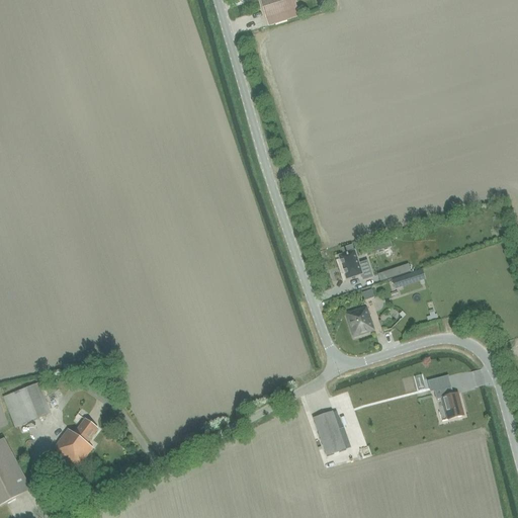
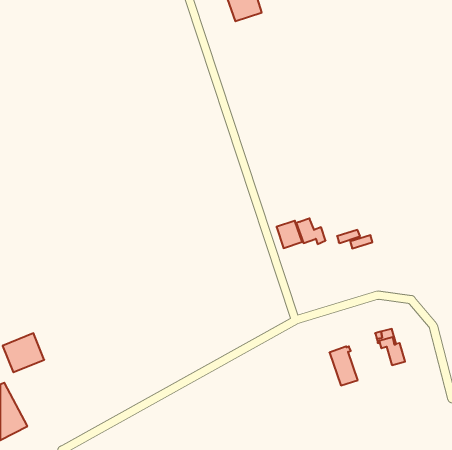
building: [345,306,374,337] -> [276,221,302,248]
building: [314,410,346,454] -> [329,346,358,385]
building: [53,420,97,469] -> none

